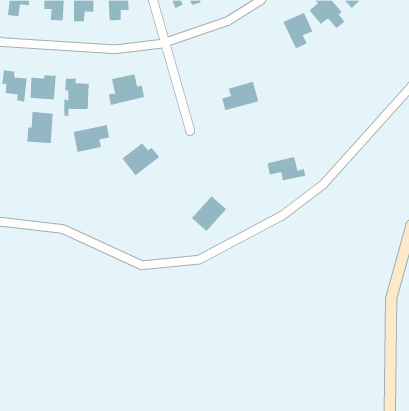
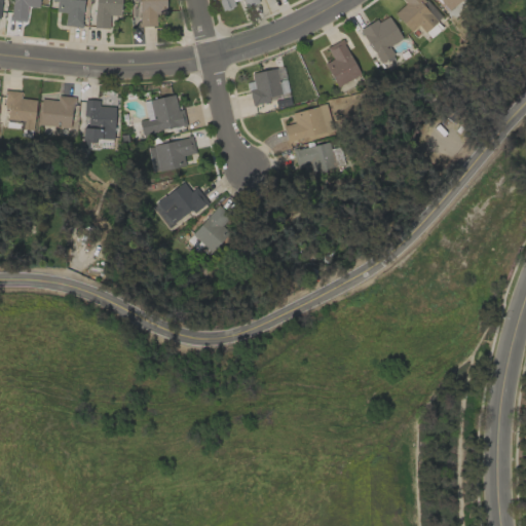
building: none -> [328,39,362,86]
building: none -> [249,69,283,106]
building: [27,111,53,144] -> none
building: [73,124,110,153] -> [150,137,197,173]
building: [267,157,306,181] -> [295,142,345,173]
building: [191,196,227,232] -> [192,208,237,254]

